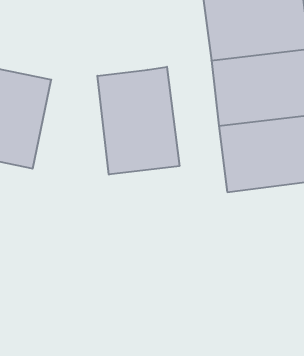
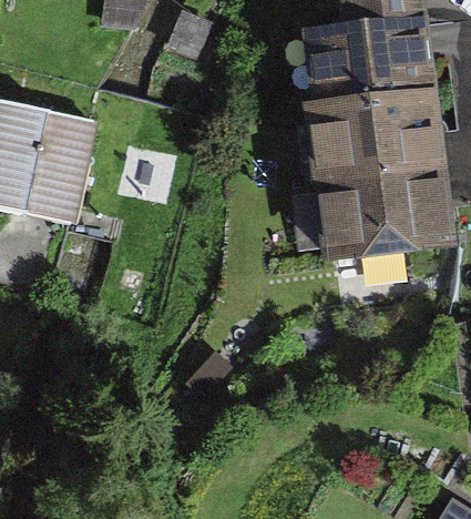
building: [97,67,179,175] -> none

